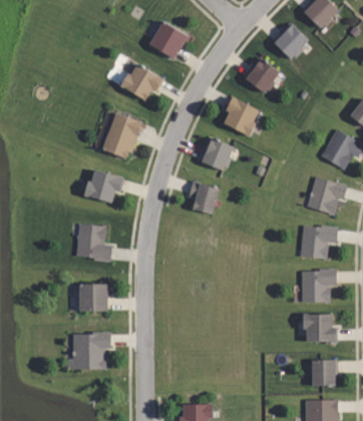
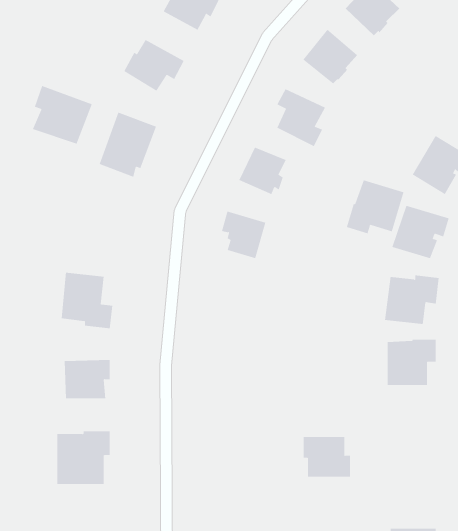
building: none -> [32,85,92,144]
building: none -> [346,180,404,234]
building: [84,169,125,202] -> none
building: [304,314,337,342] -> [303,436,351,477]
building: [310,360,339,386] -> none

